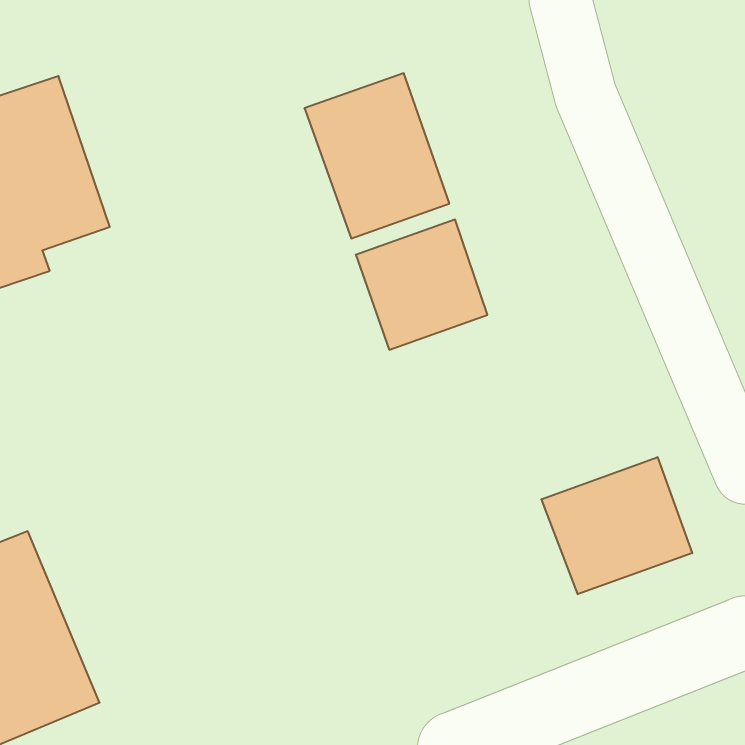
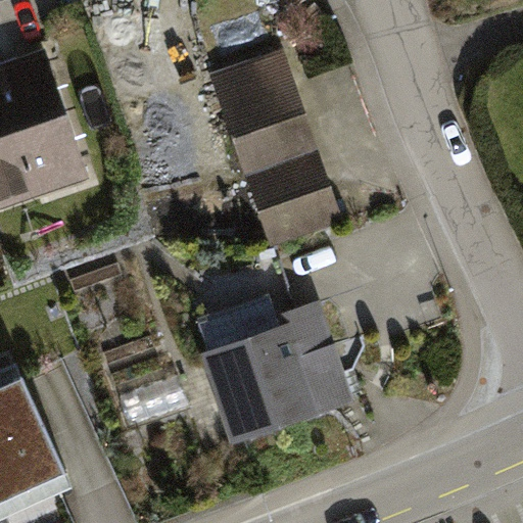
building: none -> [197,297,349,439]
building: [542,457,692,594] -> none

